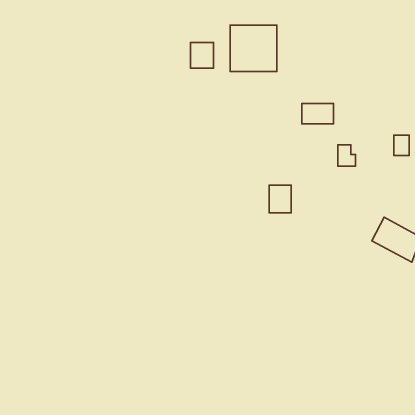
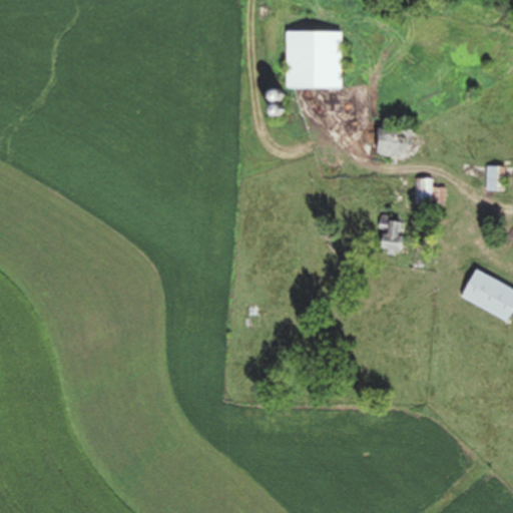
building: [191,43,213,68] -> none
building: [269,185,291,213] -> [379,218,406,252]

